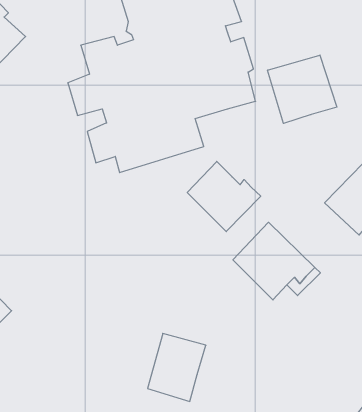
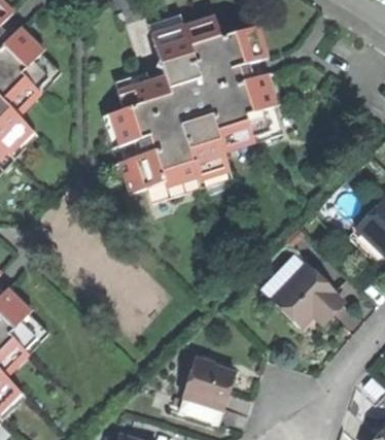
building: [268,55,337,123] -> none
building: [187,161,261,232] -> none

